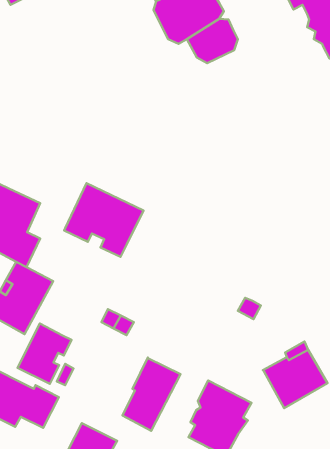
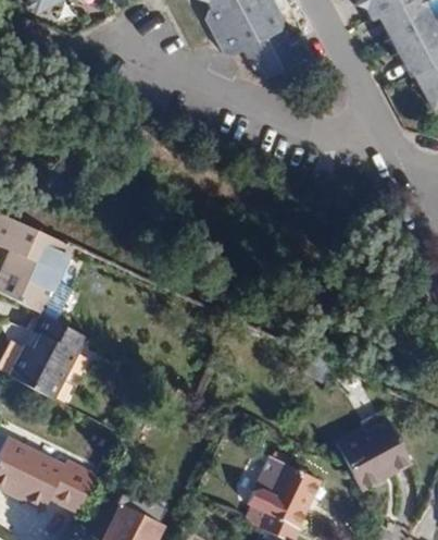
building: [64,183,143,257] -> none
building: [18,324,72,384] -> none
building: [123,358,180,431] -> none

